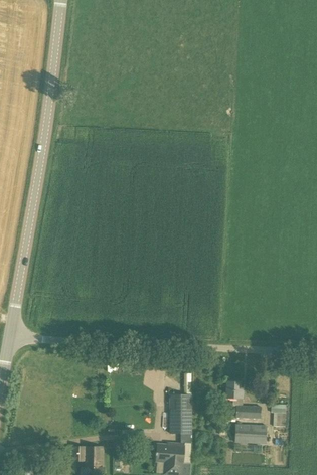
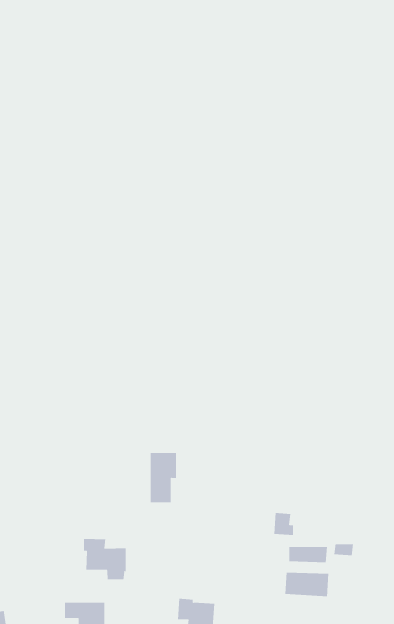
building: [170,393,190,431] -> [150,453,177,503]
building: none -> [84,538,126,580]

